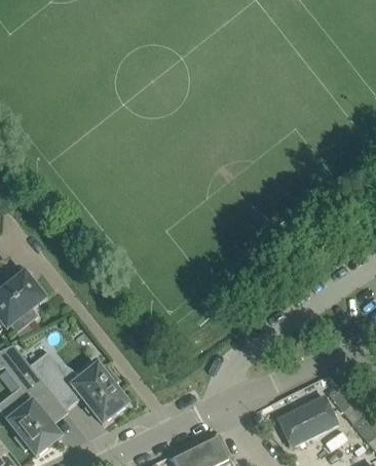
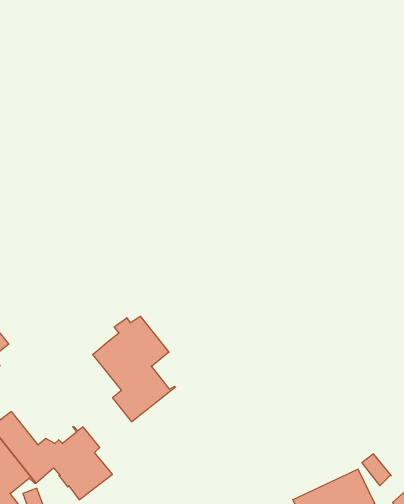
building: none -> [93,316,176,422]

